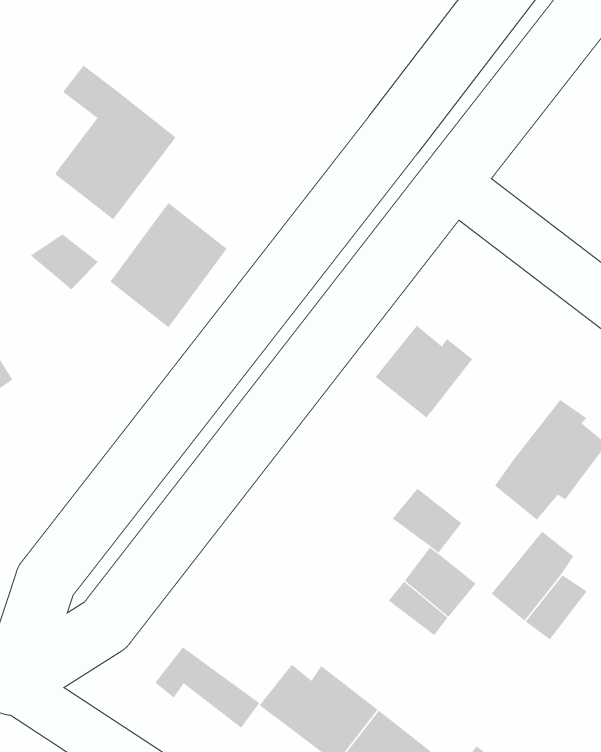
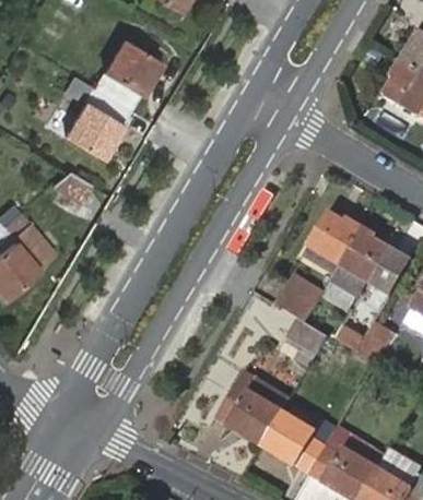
building: [109,202,228,328] -> [96,39,160,109]
building: [375,325,473,419] -> [309,213,363,264]
building: [155,646,260,728] -> [232,371,292,413]

